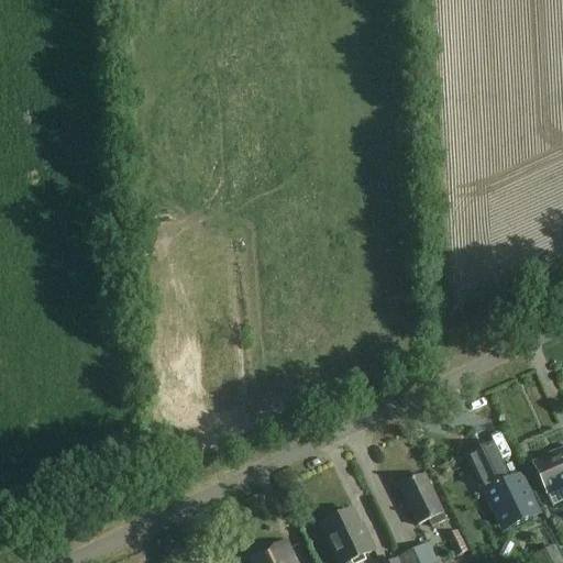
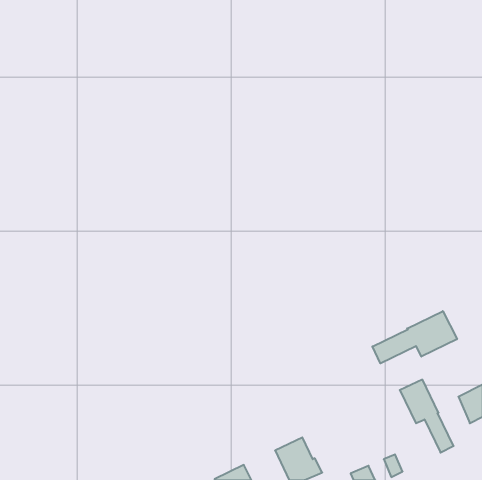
building: none -> [372,311,457,363]
building: [399,473,446,525] -> none

